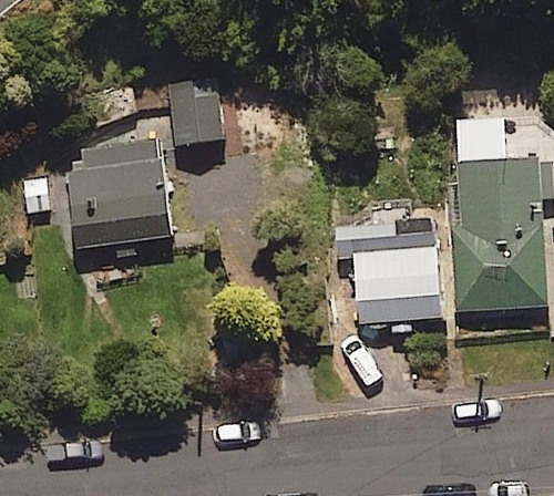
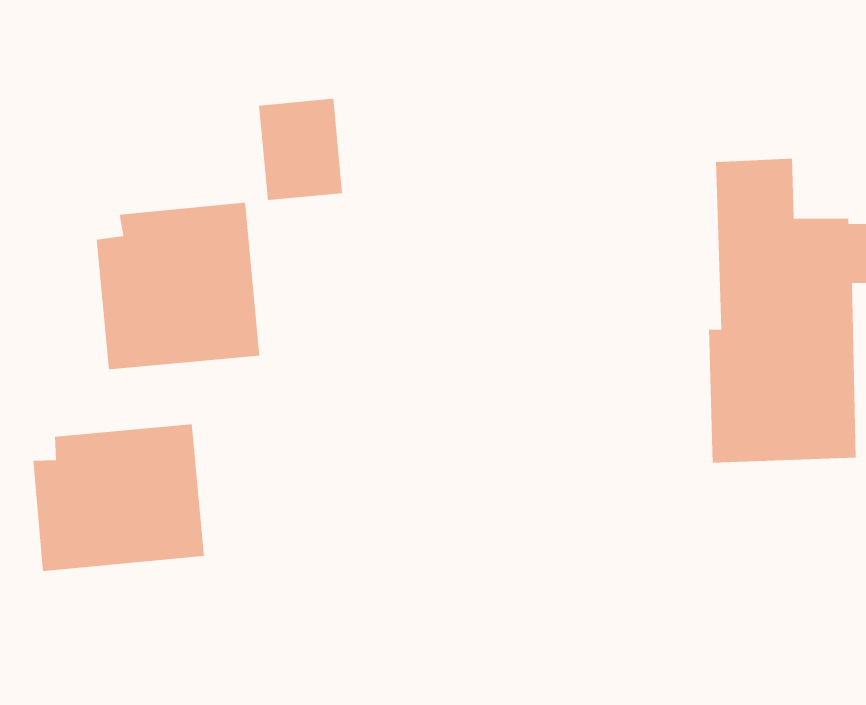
building: [335,225,440,321] -> none
building: none -> [33,423,205,572]

